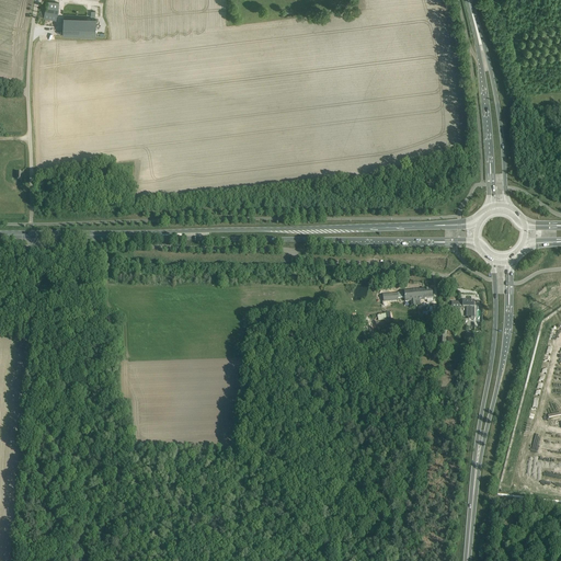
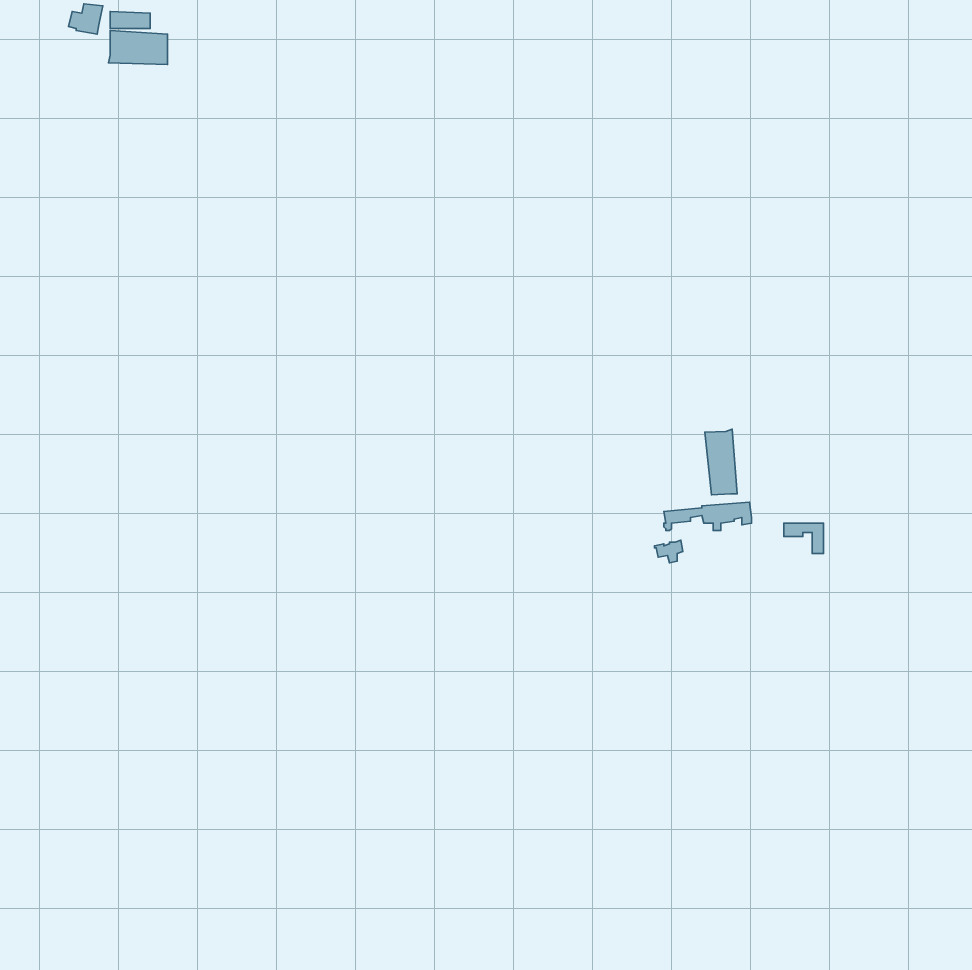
building: none -> [705,429,737,495]

